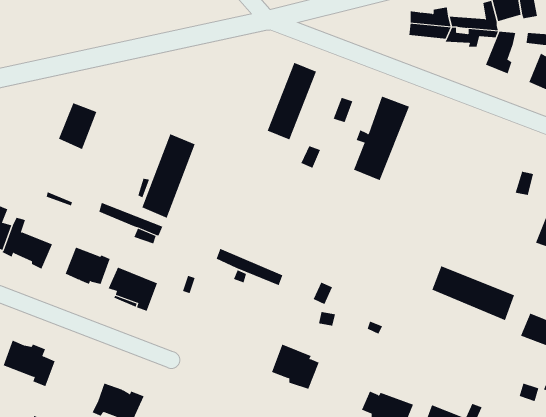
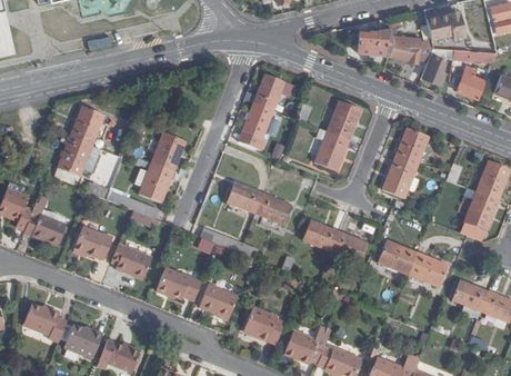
building: none -> [382,129,427,198]
building: none -> [58,137,97,176]
building: none -> [226,182,290,224]
building: none -> [302,220,367,263]
building: none -> [157,267,202,300]
building: none -> [199,284,239,318]
building: none -> [66,323,102,357]
building: none -> [287,325,332,360]

